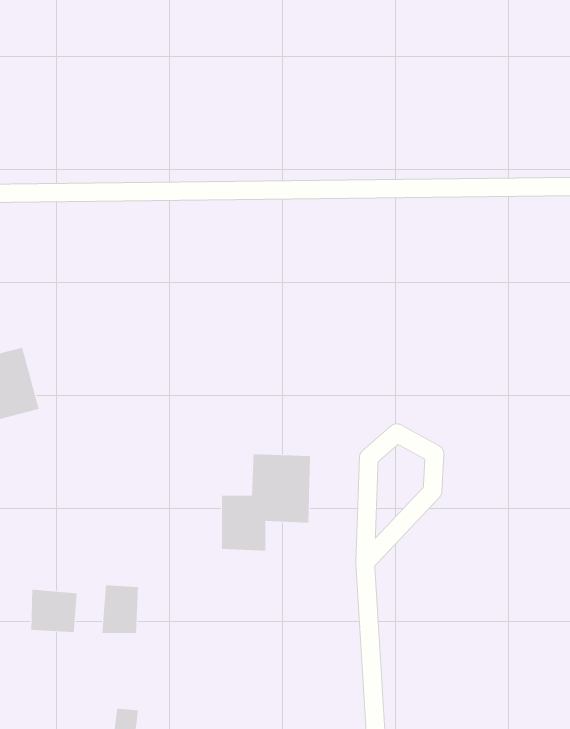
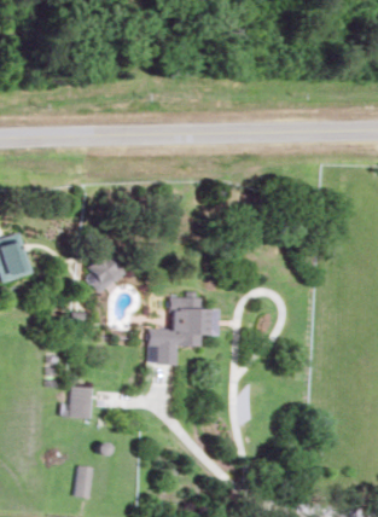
building: none -> [83,254,118,291]
building: [31,589,77,633] -> none

